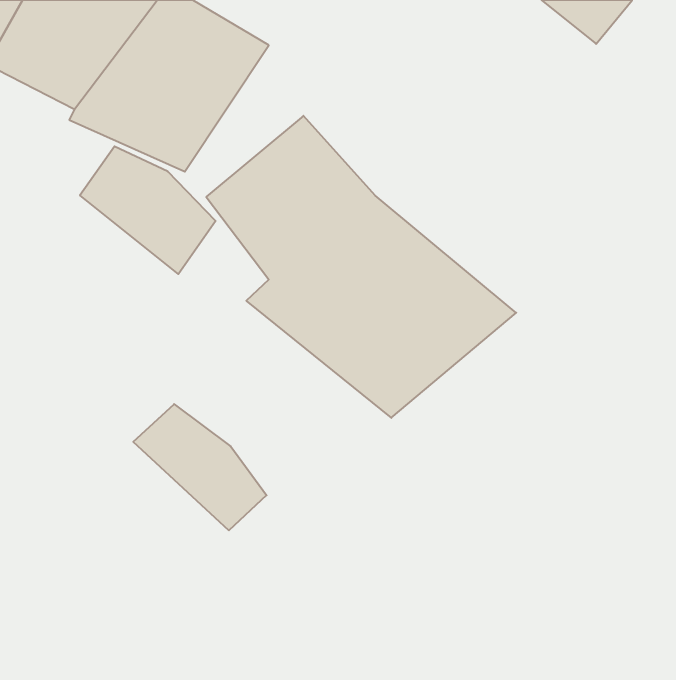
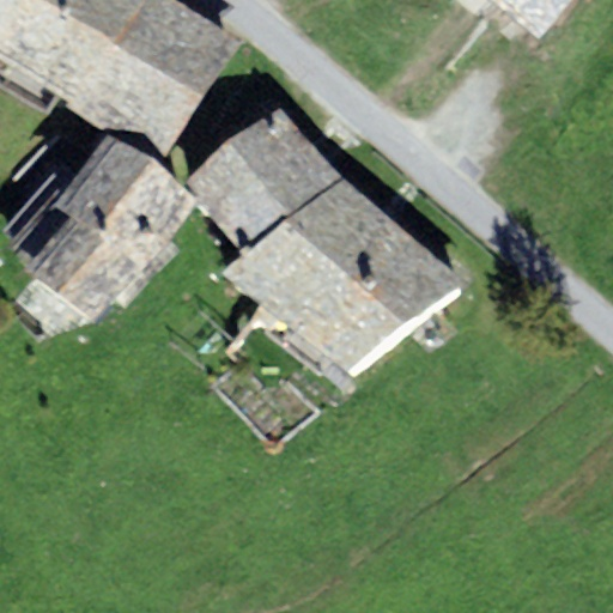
building: none -> [6,166,160,318]
building: [133,404,267,530] -> none

